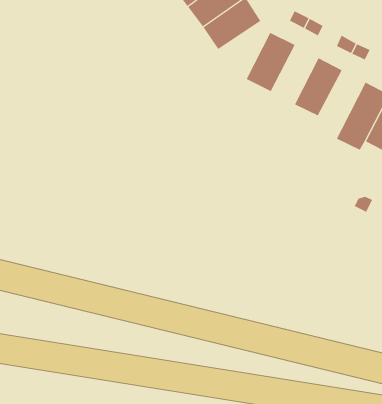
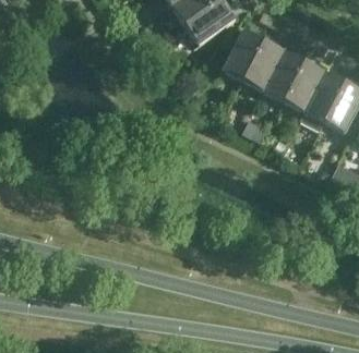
building: none -> [244,39,285,90]
building: none -> [285,61,325,111]

